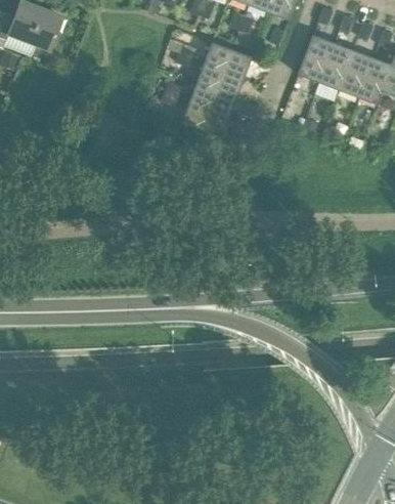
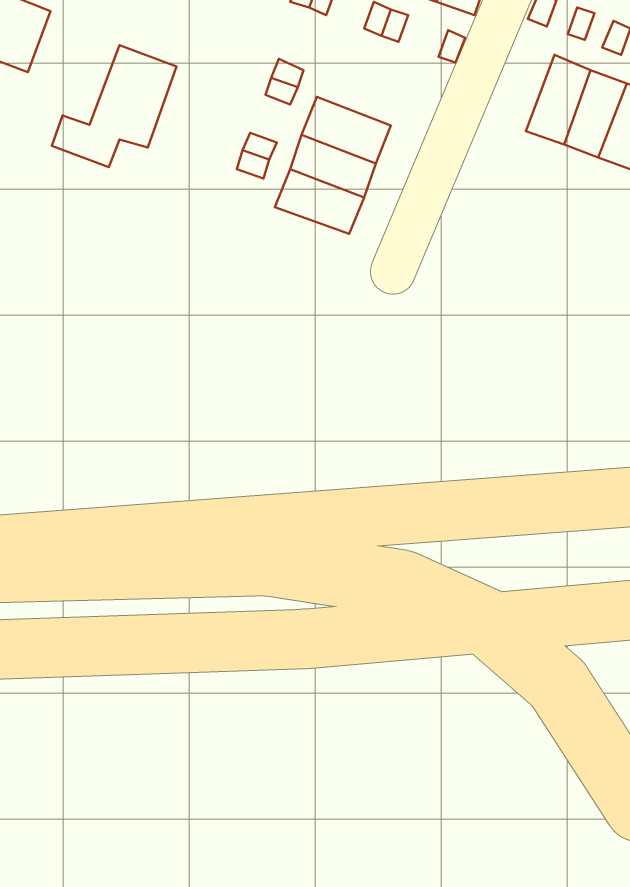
building: [299,33,333,80] -> none
building: none -> [52,45,177,167]
building: [205,40,253,77] -> none

